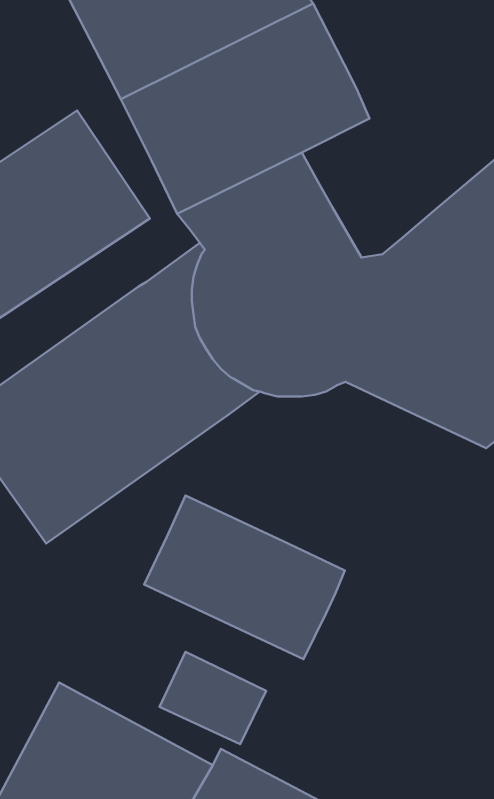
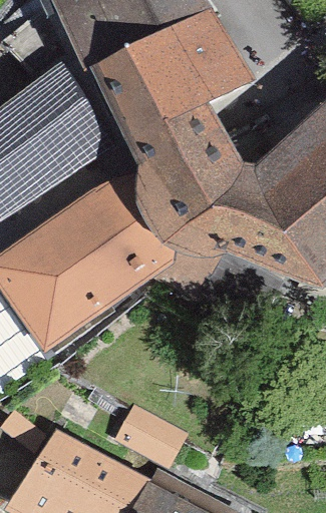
building: [144,496,345,659] -> none

